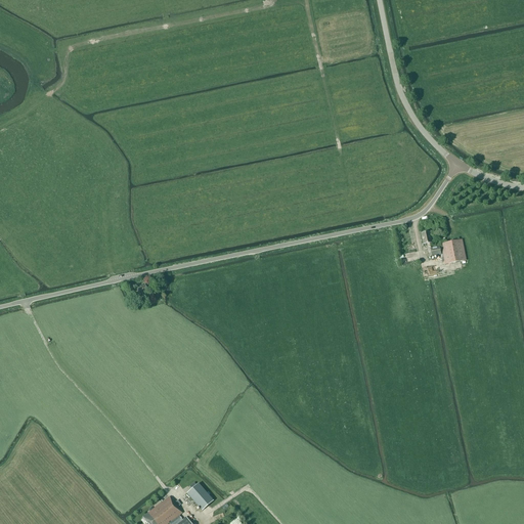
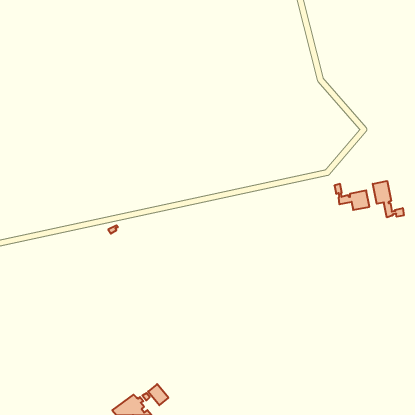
building: none -> [373,181,404,217]

